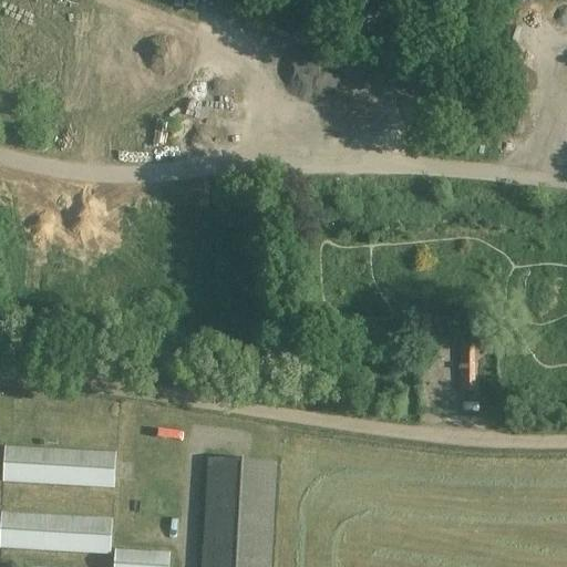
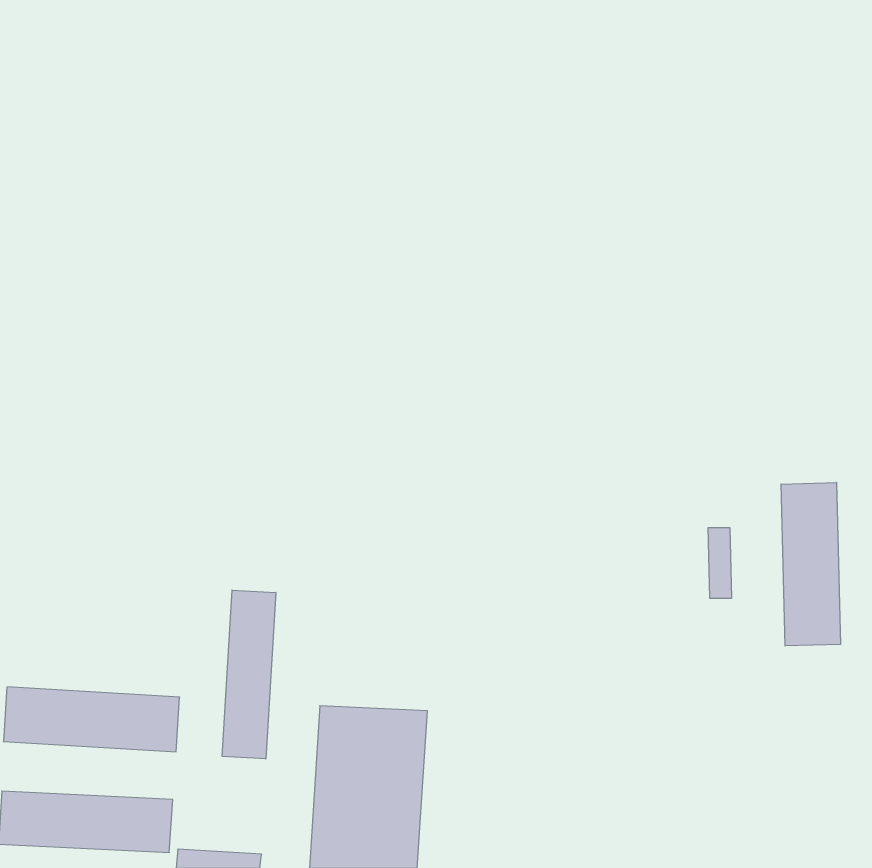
building: none -> [781,482,840,646]
building: none -> [222,590,276,759]

